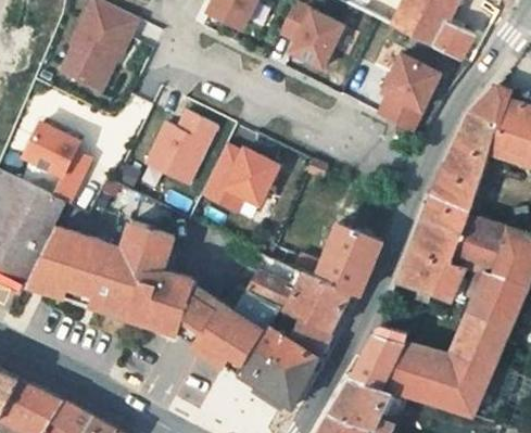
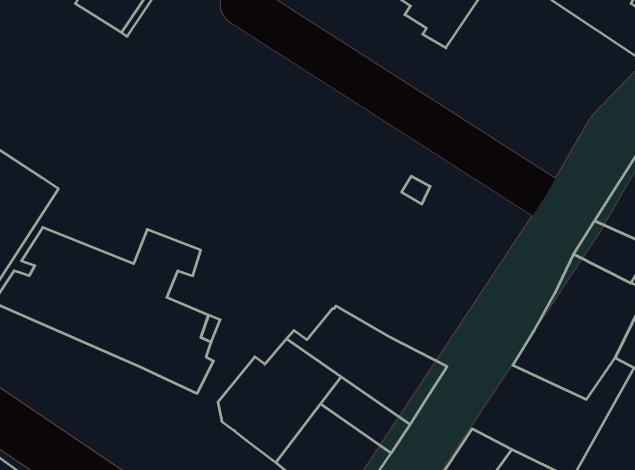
building: [378,56,440,131] -> none
building: [144,111,216,186] -> none
building: [24,122,90,202] -> none
building: [200,148,277,213] -> none
building: [268,226,381,294] -> none

